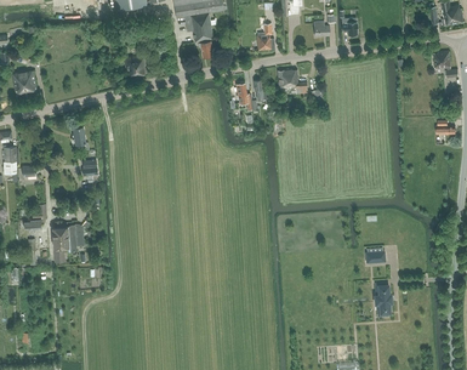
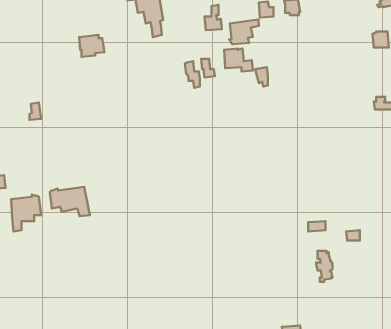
building: none -> [229,20,259,44]
building: none -> [50,187,90,216]

